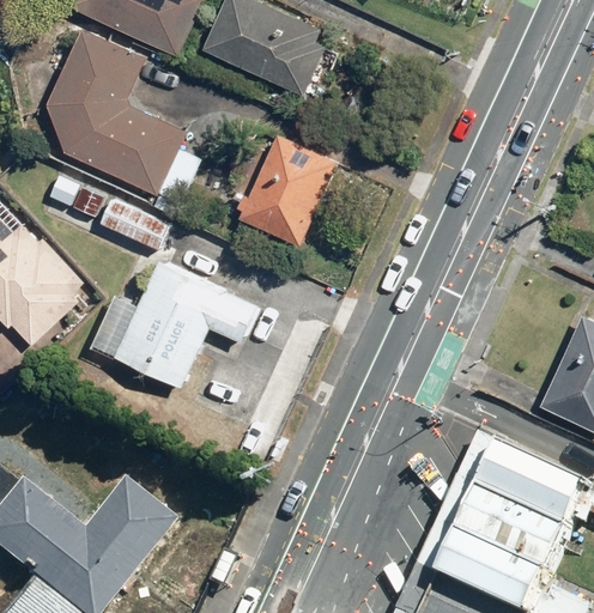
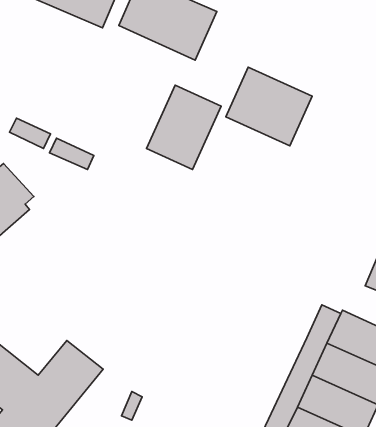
building: [46,28,183,194] -> none
building: none -> [226,67,312,146]
building: [103,263,250,394] -> none

